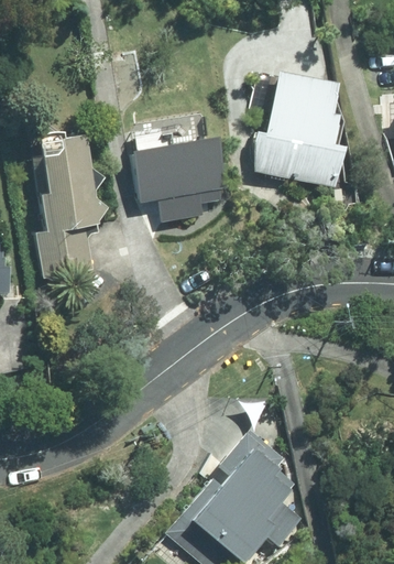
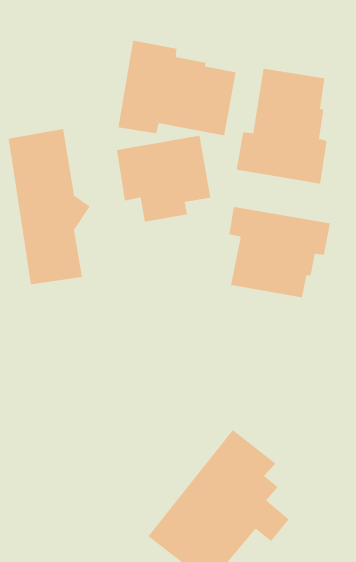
building: none -> [118,40,236,136]
building: none -> [229,206,331,298]

